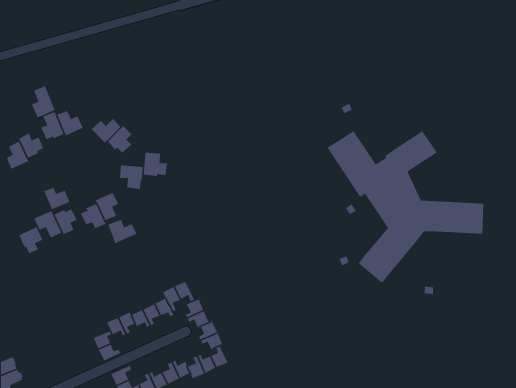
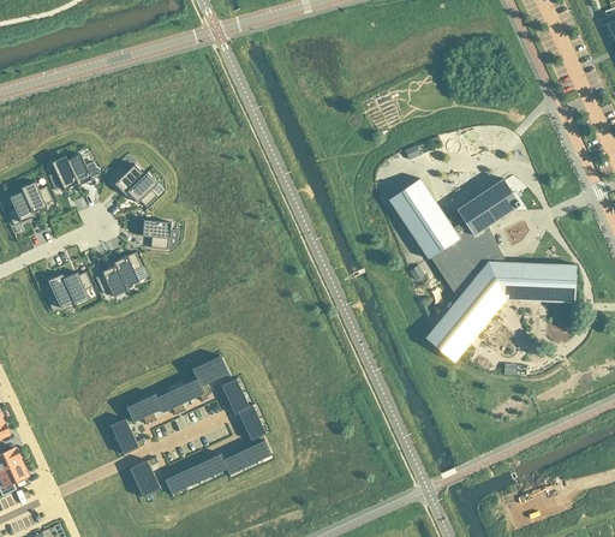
building: [31,85,55,118] -> none
building: [143,152,168,177] -> none
building: [43,186,71,210] -> none
building: [107,219,137,244] -> none
building: [18,227,43,254] -> none

